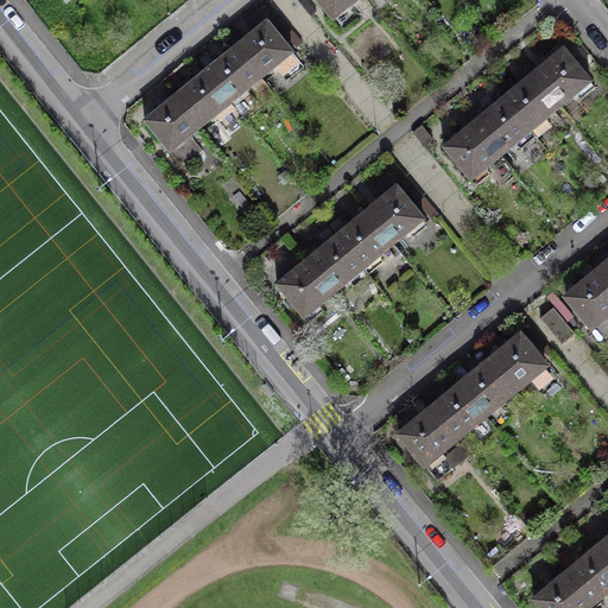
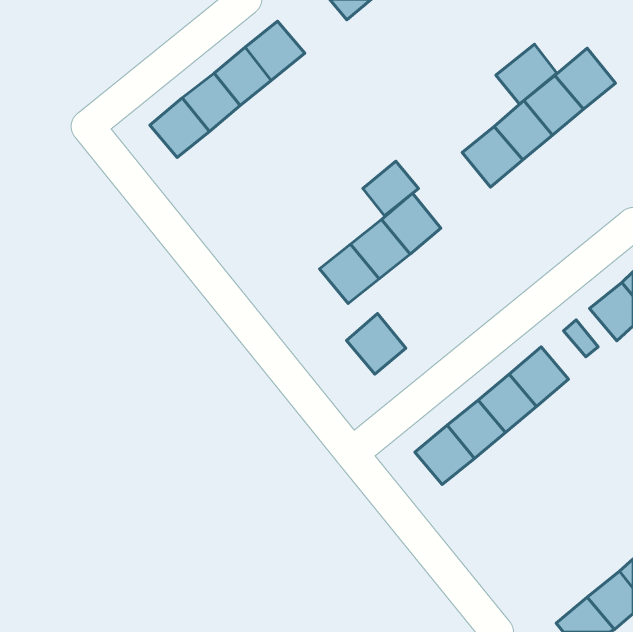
building: none -> [496,44,557,104]
building: none -> [363,161,418,216]
building: [277,258,334,316] -> [346,313,406,374]

